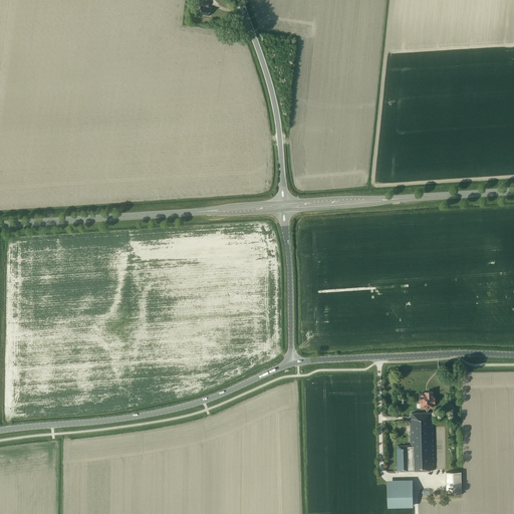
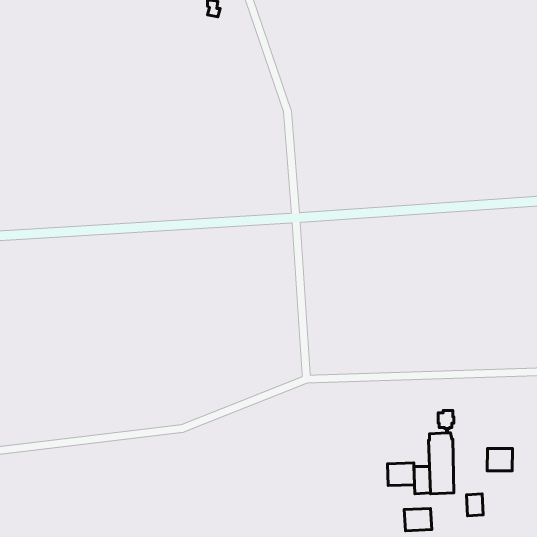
building: none -> [487,448,512,471]
building: none -> [387,463,415,486]

